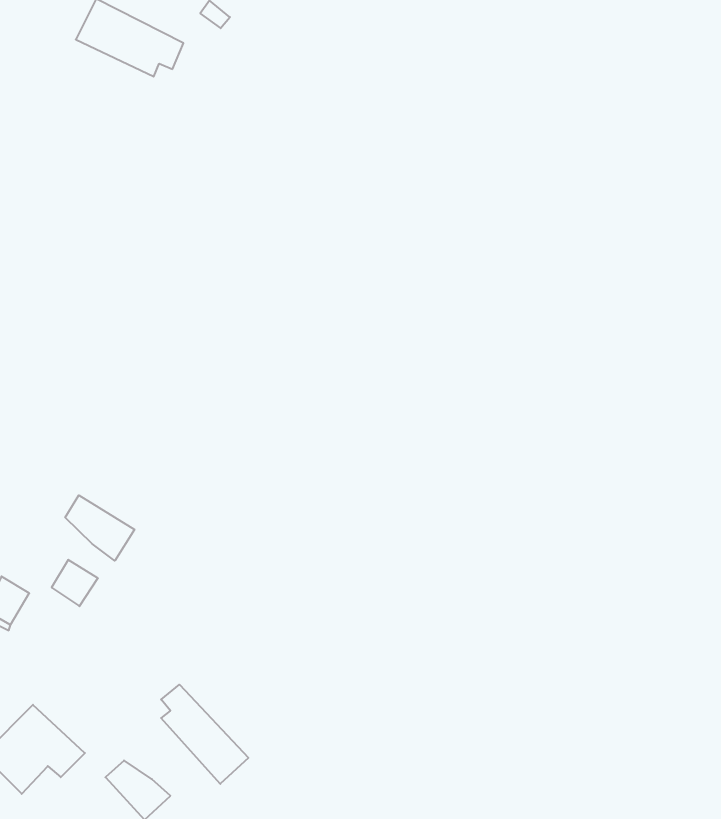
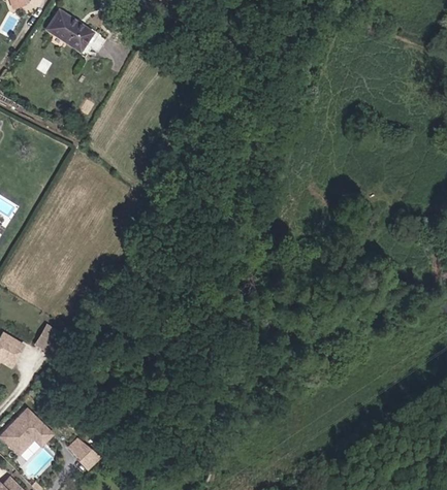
building: [65,495,134,561] -> none
building: [161,685,248,784] -> none

